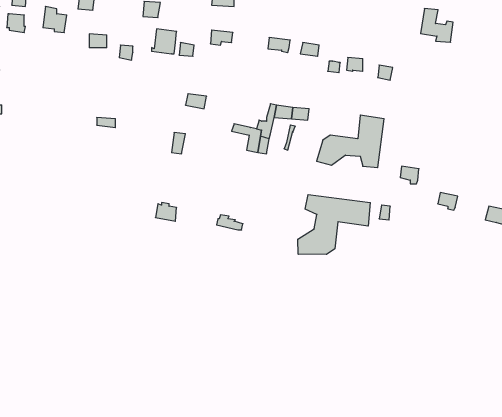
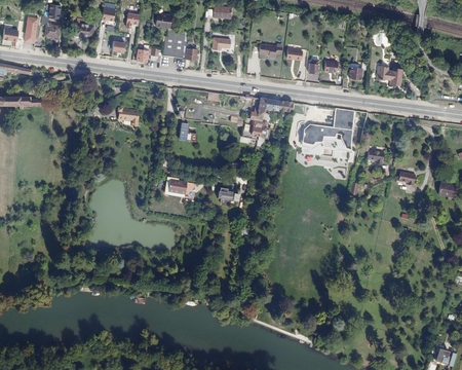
building: [421,9,453,42] -> [376,58,402,85]
building: [298,195,370,254] -> none

